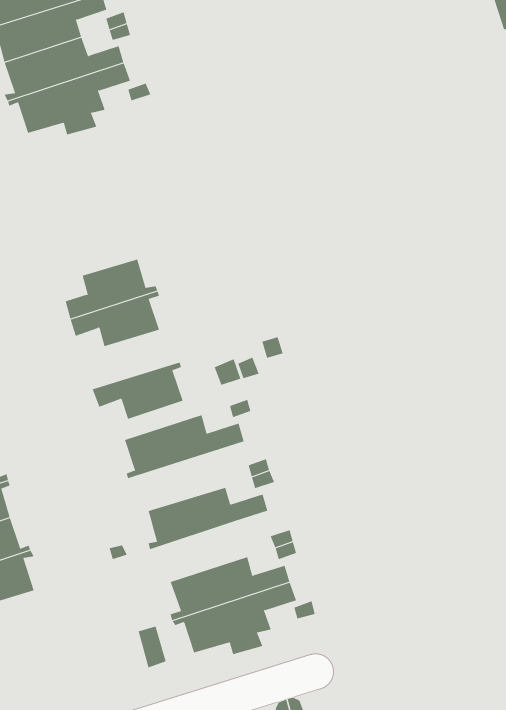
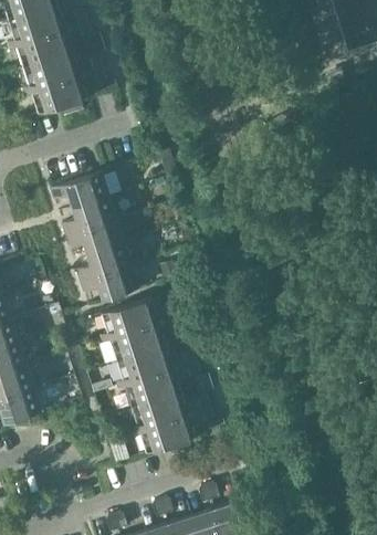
building: none -> [45,169,105,207]
building: none -> [72,242,133,281]
building: none -> [98,315,179,360]
building: none -> [113,360,193,407]

